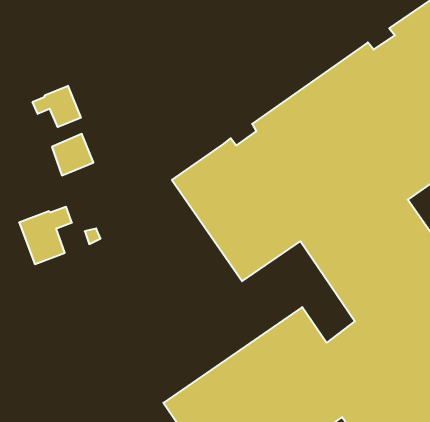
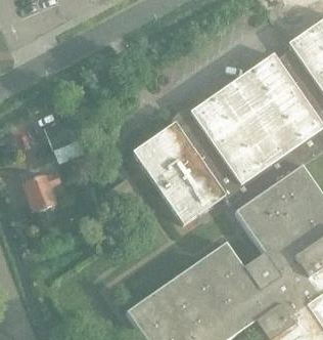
building: [33,86,81,127] -> none

